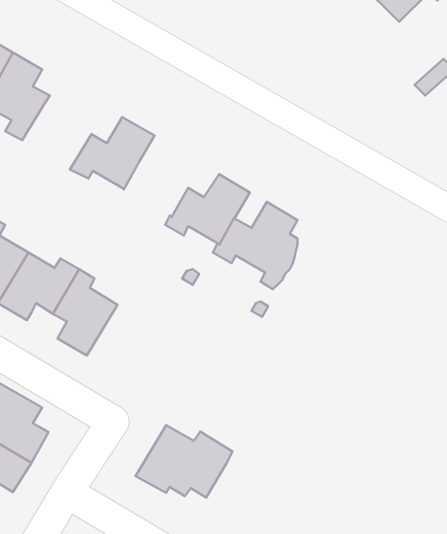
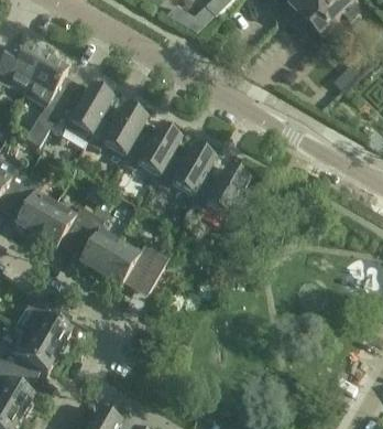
building: none -> [50,83,113,144]
building: none -> [121,122,182,174]
building: [136,425,232,498] -> [99,237,168,289]

